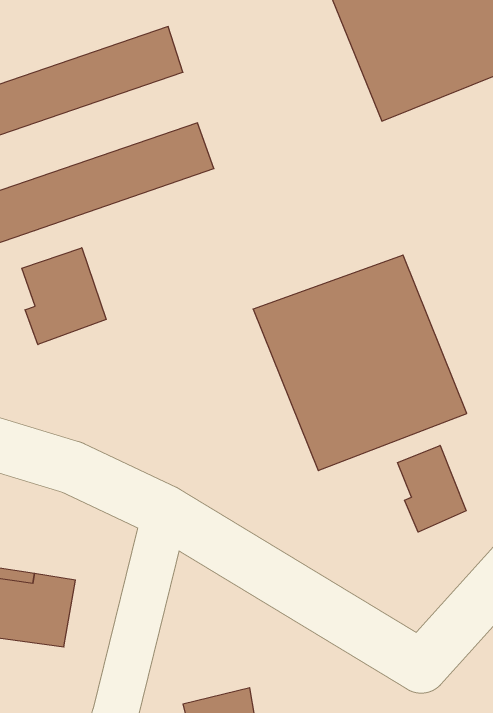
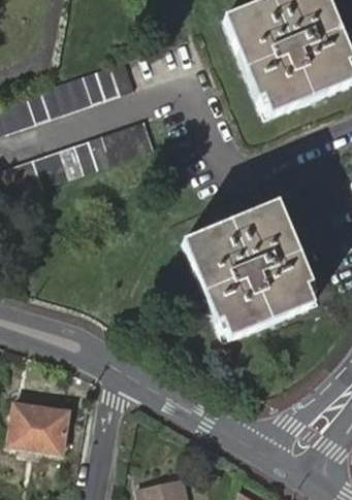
building: [22,248,106,345] -> none
building: [397,445,466,532] -> none

